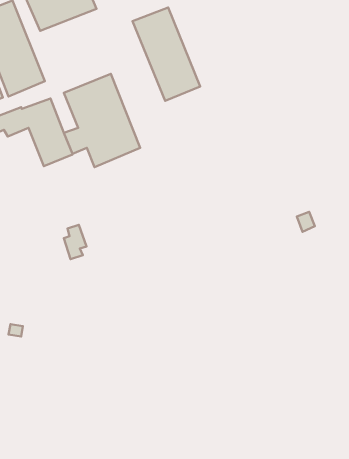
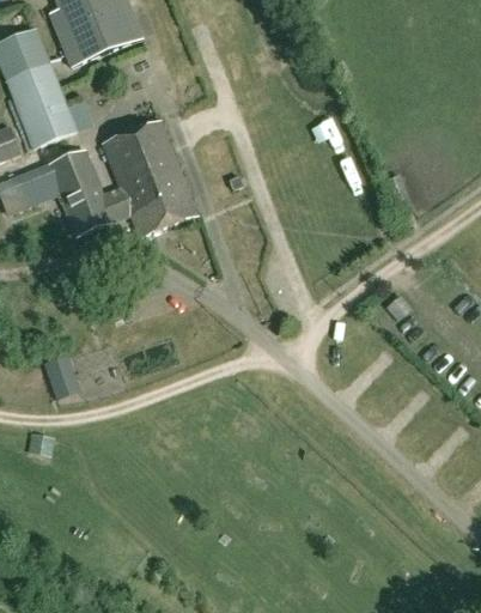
building: [133,8,200,101] -> none
building: [64,225,87,259] -> [48,356,77,399]

